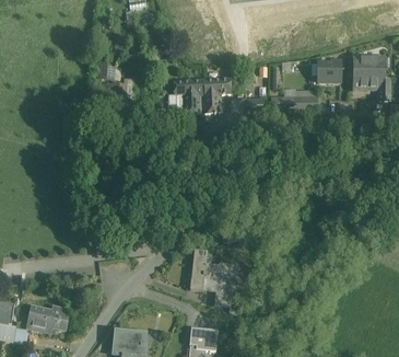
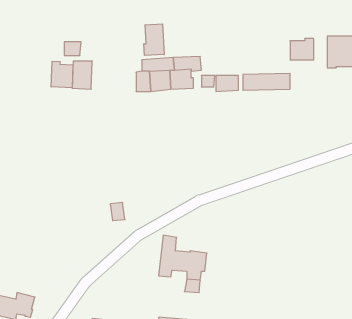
building: none -> [144,24,164,55]
building: none -> [51,61,73,88]

